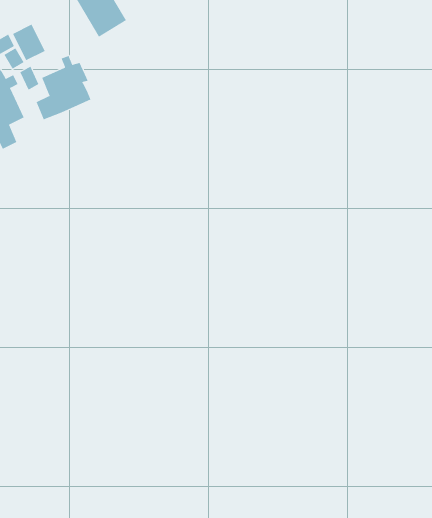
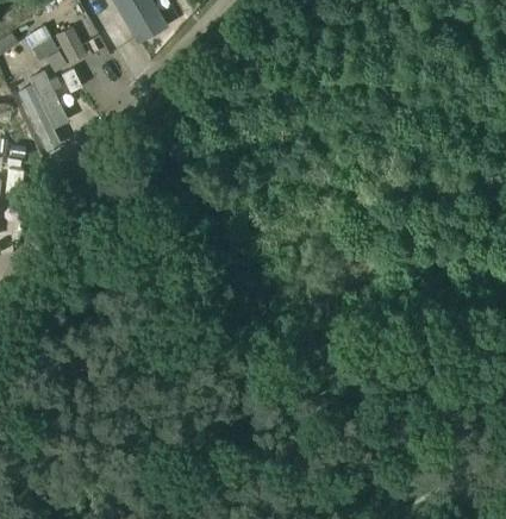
building: [36,55,91,120] -> none

